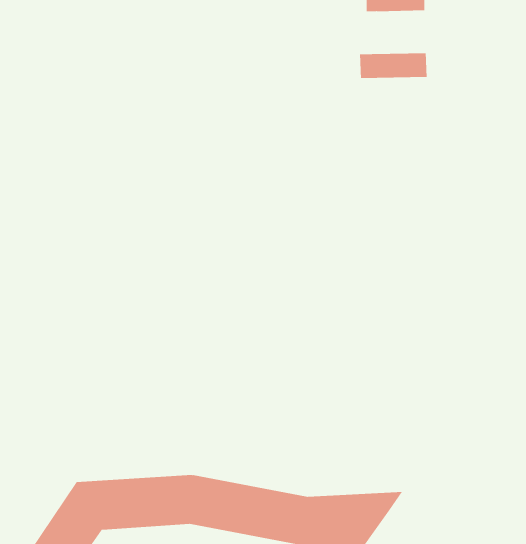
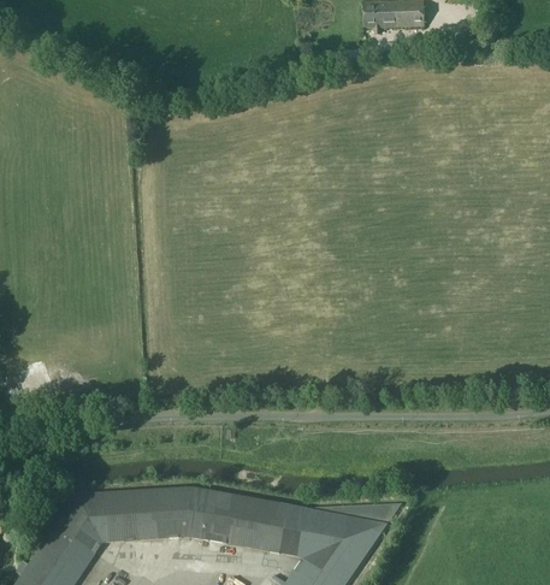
building: [359,53,427,79] -> none

